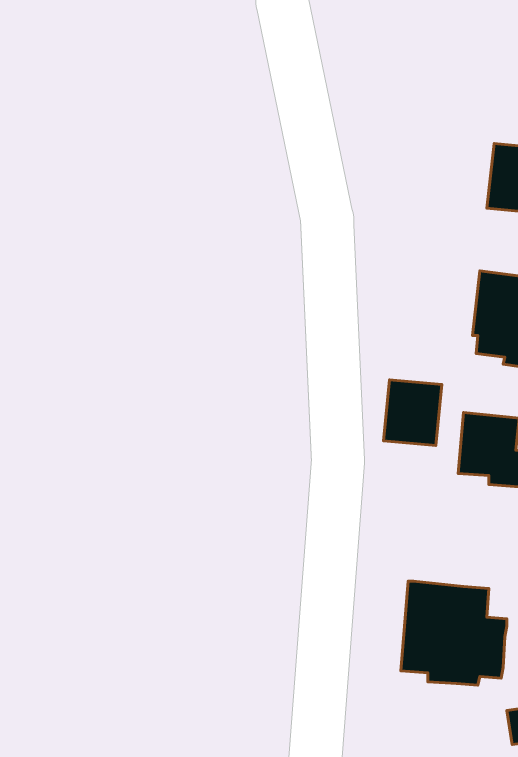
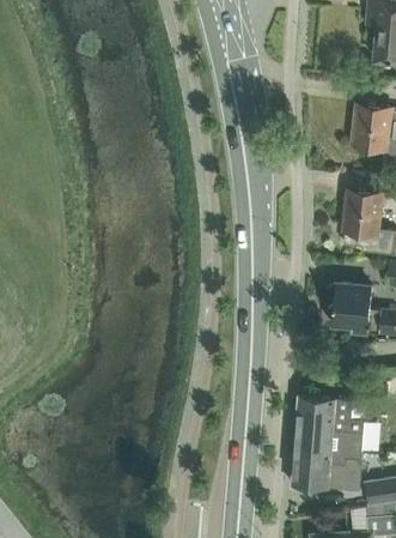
building: [383,380,442,445] -> none
building: none -> [291,457,360,491]

